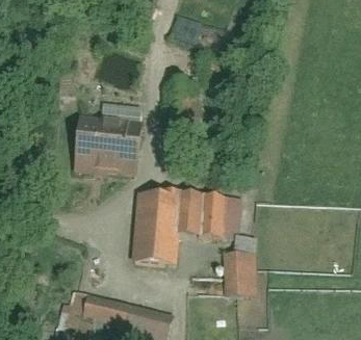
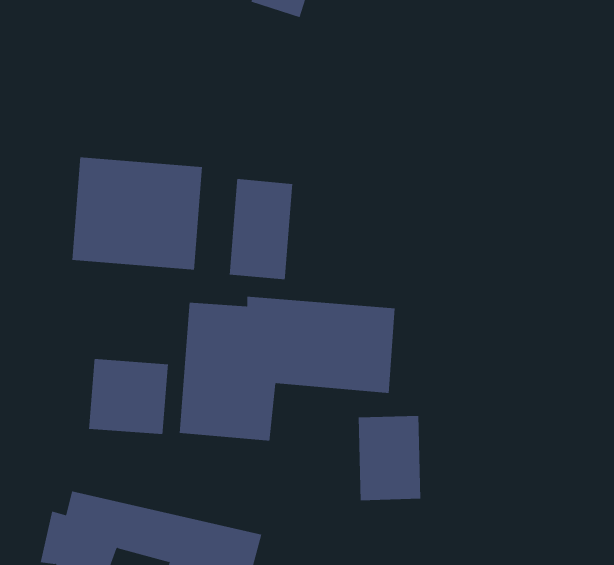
building: none -> [229,178,293,280]
building: none -> [88,358,169,435]

